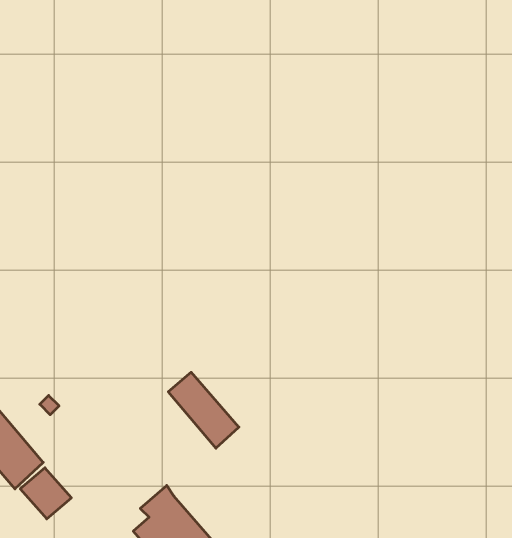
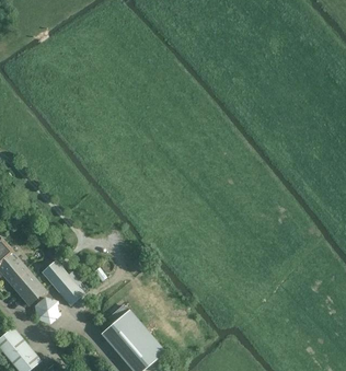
building: [168,372,239,448] -> [41,259,84,306]

